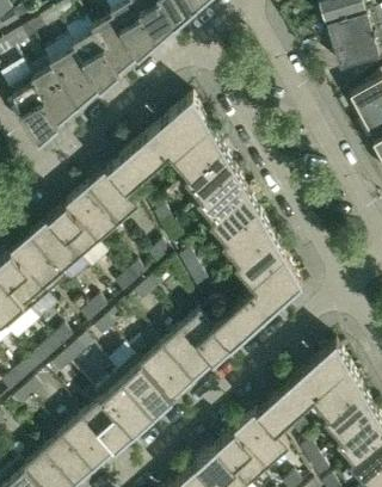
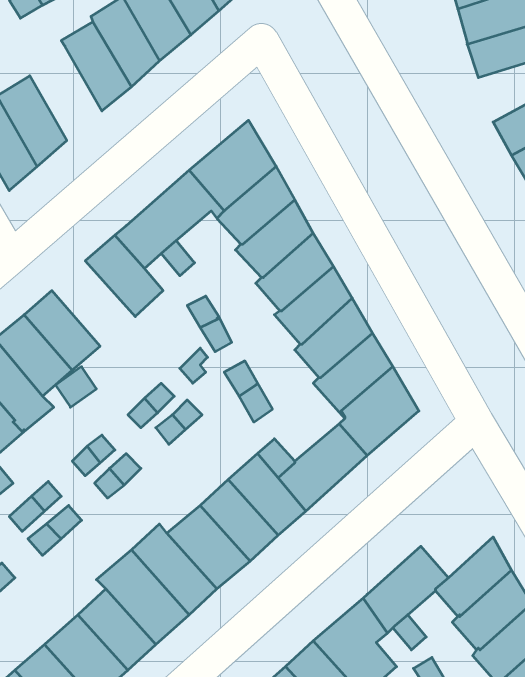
building: [49,48,98,109] -> none
building: [66,186,119,241] -> none
building: [303,341,350,390] -> none

